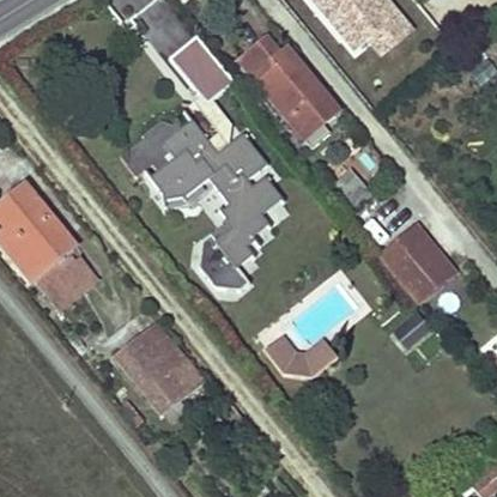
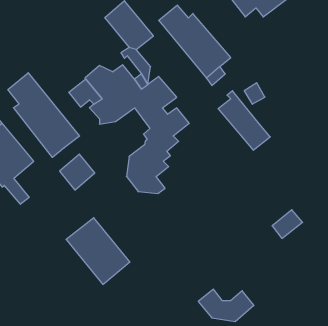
building: none -> [8,73,80,157]
building: [380,224,455,301] -> none
building: [49,246,96,293] -> [60,154,95,190]
building: [265,334,339,377] -> [198,289,254,321]

